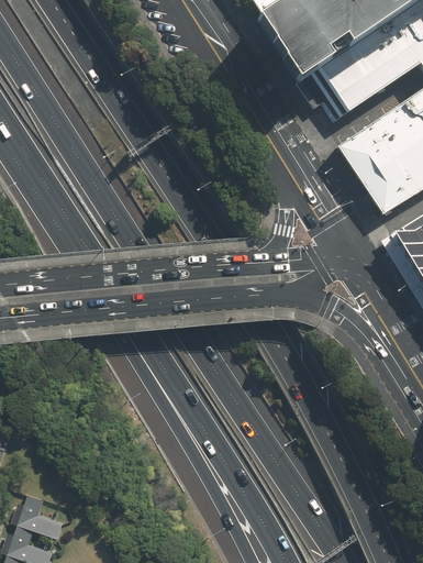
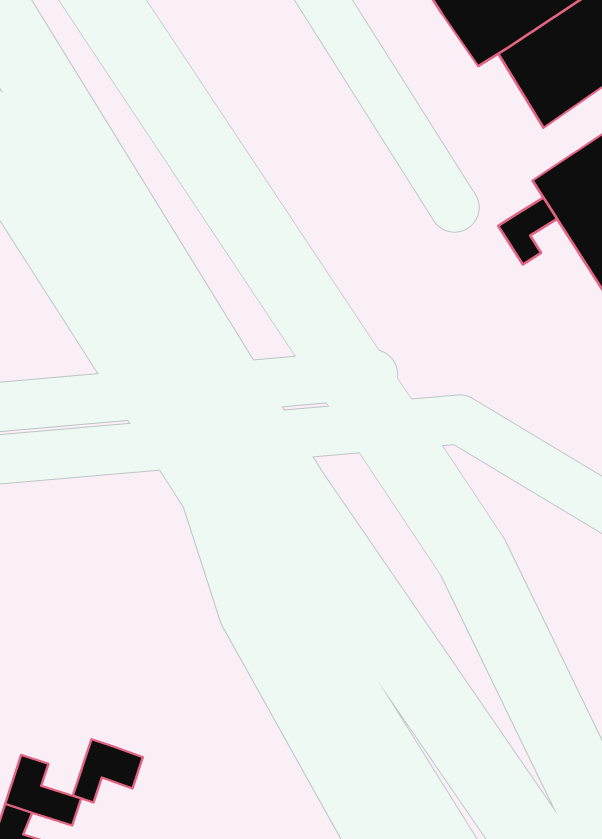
building: none -> [498,197,557,265]
building: none -> [73,739,143,803]

